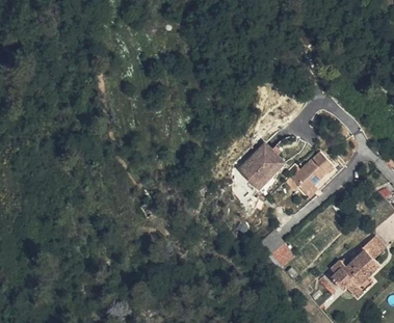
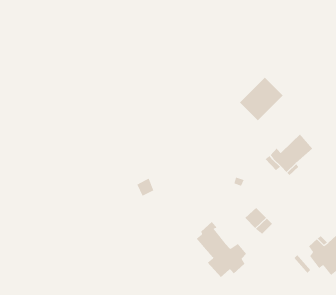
building: [240,139,287,186] -> [239,77,283,121]
building: none -> [196,221,247,278]

